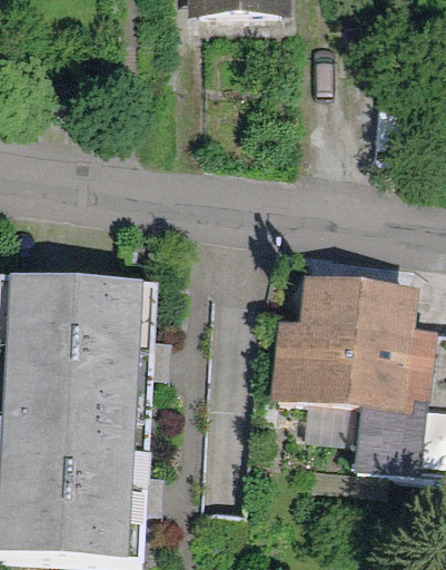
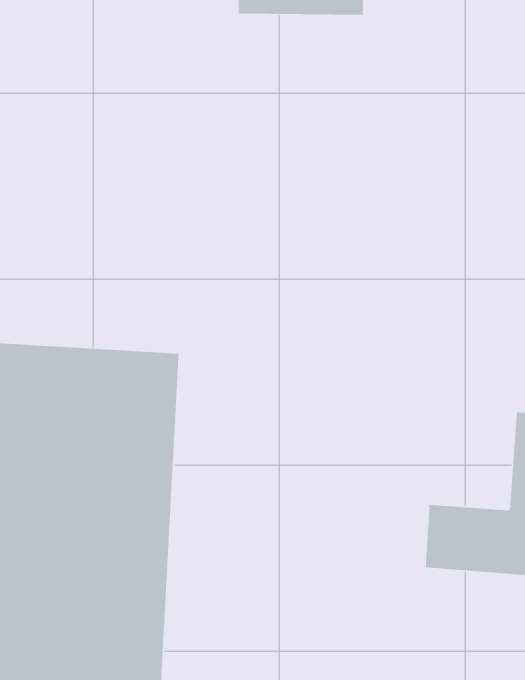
building: [266,279,424,411] -> none

